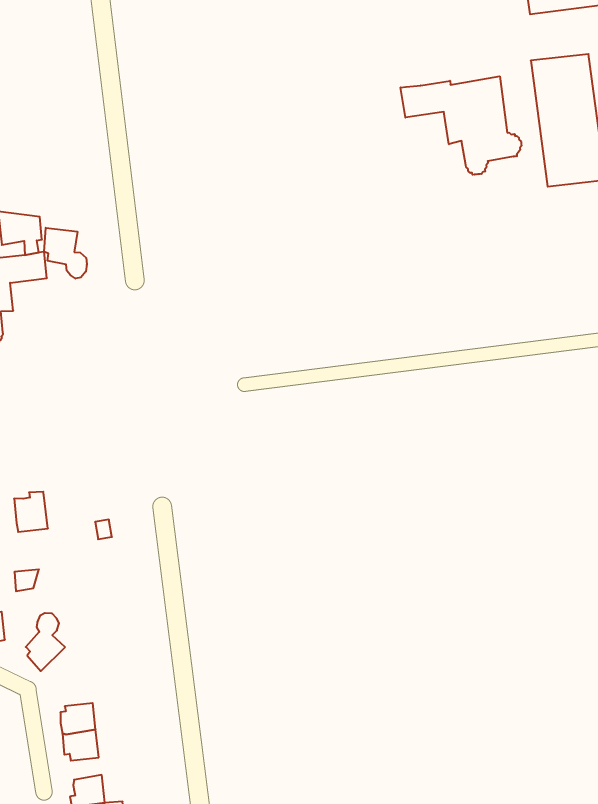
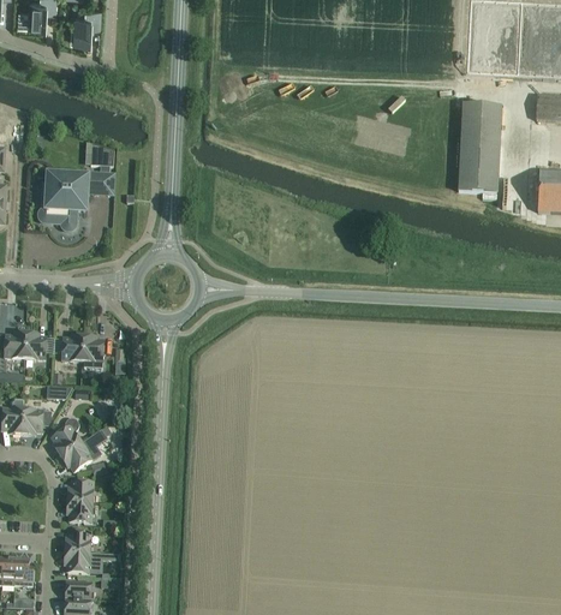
building: [401,76,522,175] -> none
building: [44,228,87,279] -> none
building: none -> [83,335,105,368]
building: none -> [61,442,100,468]

